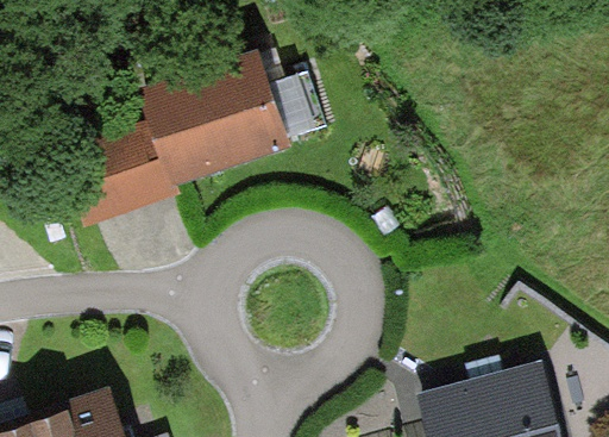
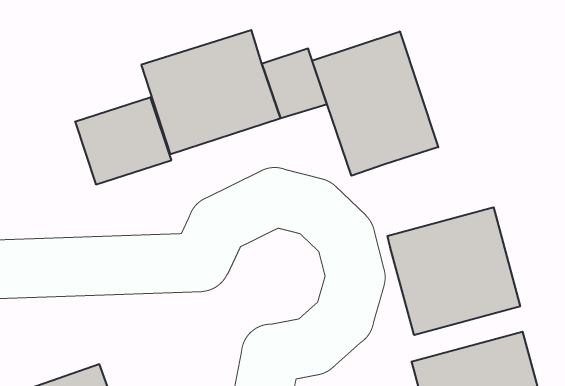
building: none -> [312,31,438,176]
building: none -> [388,207,520,335]

